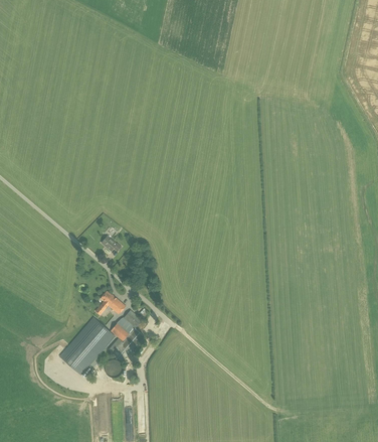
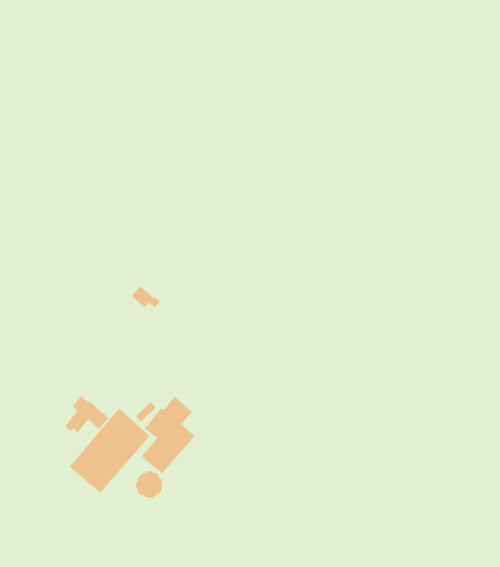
building: [96,290,126,315] -> [64,396,110,433]

